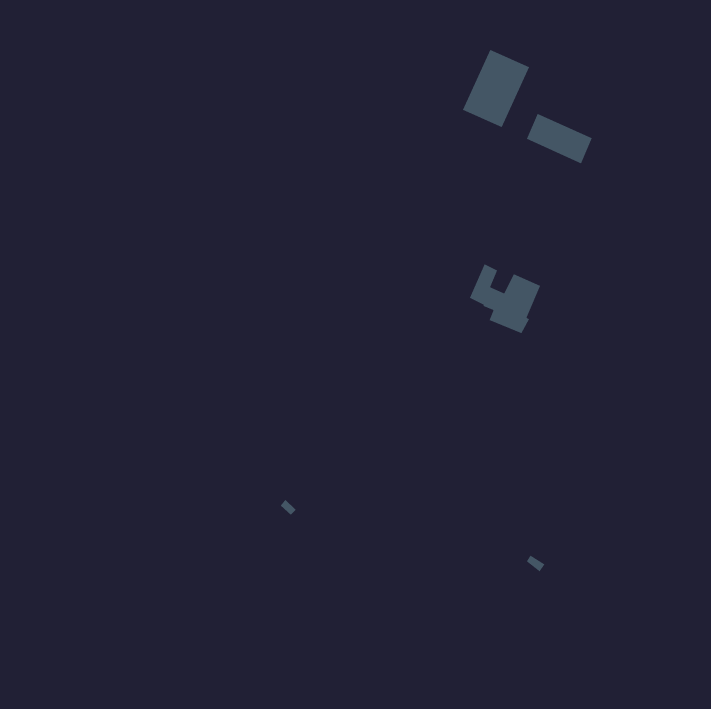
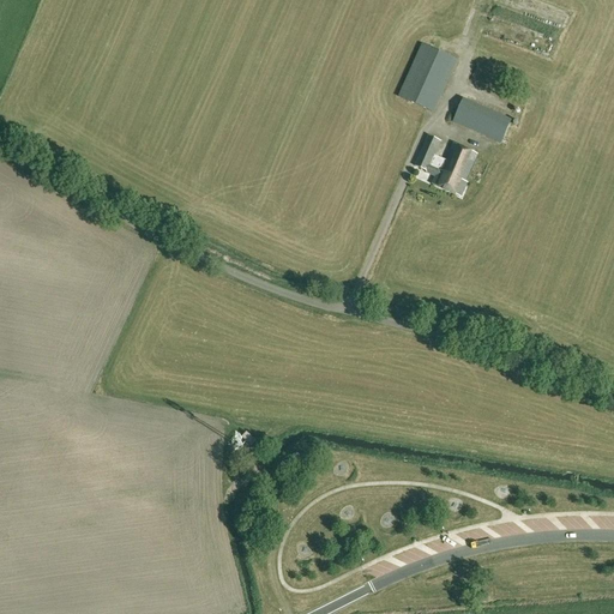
building: [469,263,541,334] -> [415,133,477,194]

